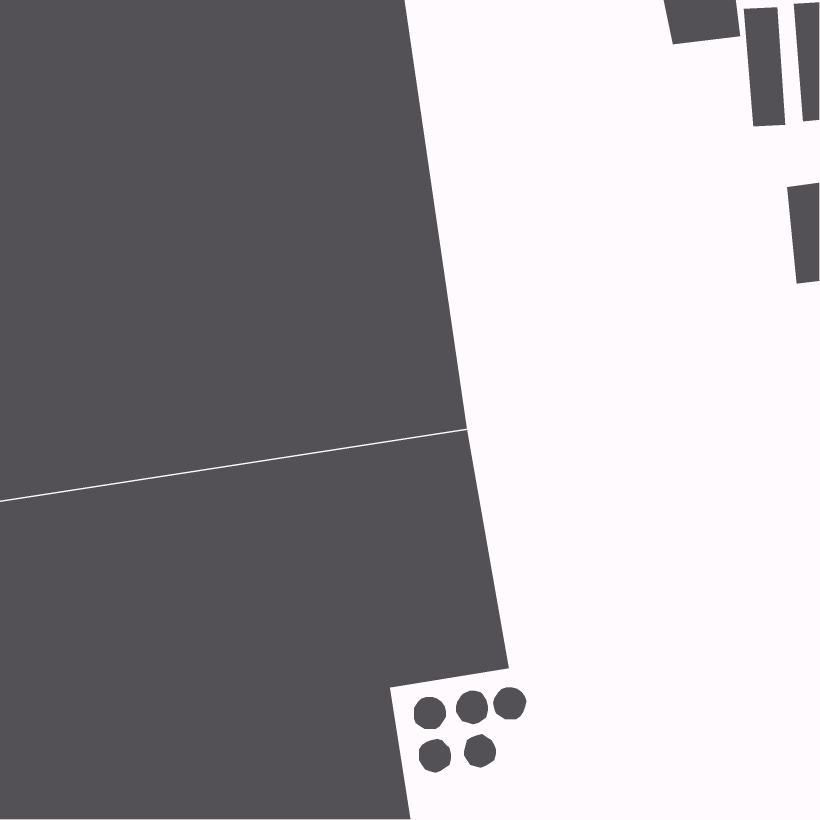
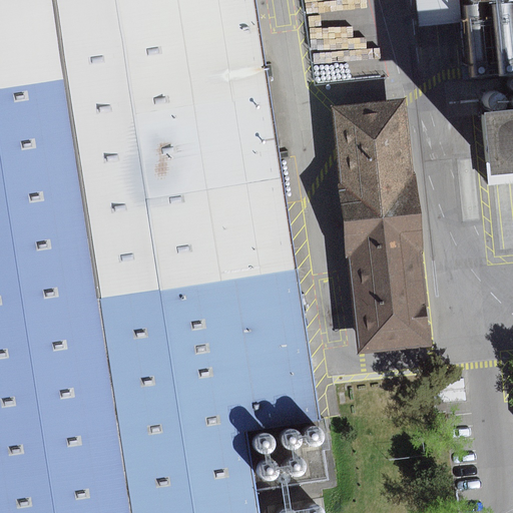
building: none -> [336,102,432,354]

